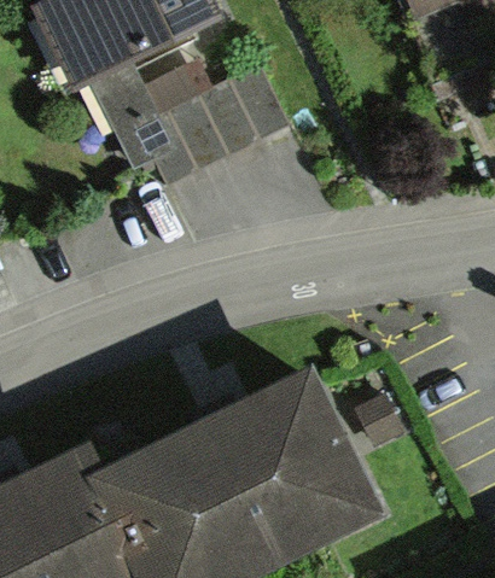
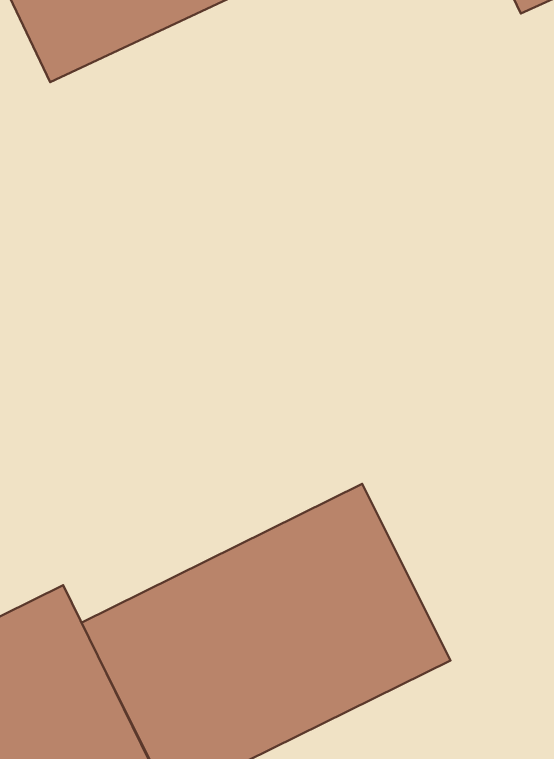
building: [85,53,287,182] -> none

